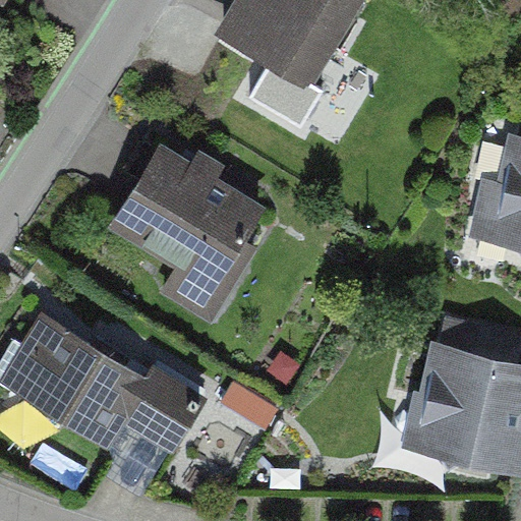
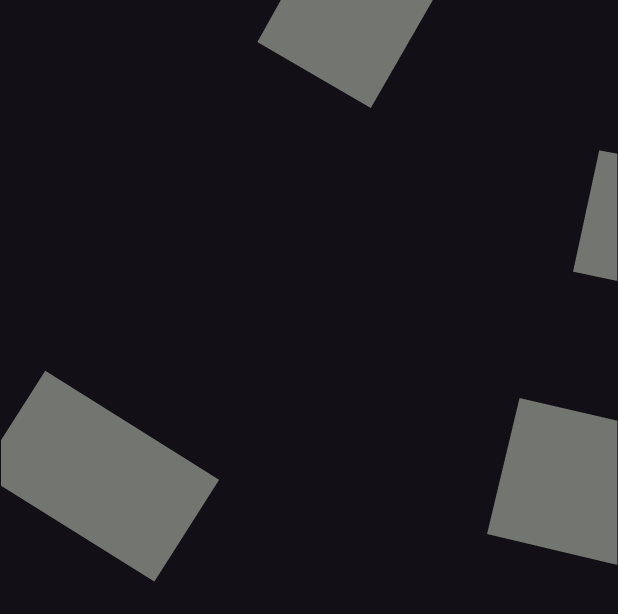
building: [110,134,281,298] -> none

